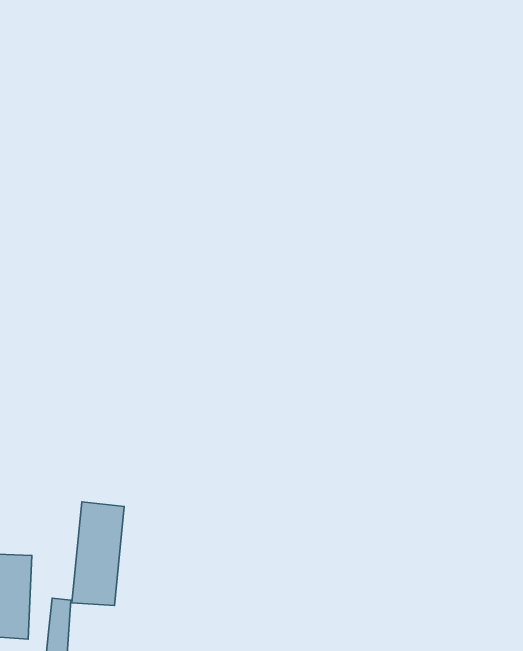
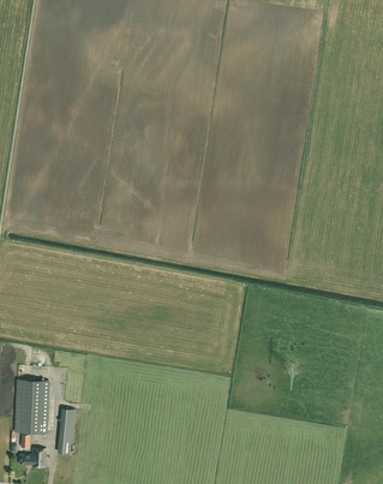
building: [72,502,124,605] -> none

